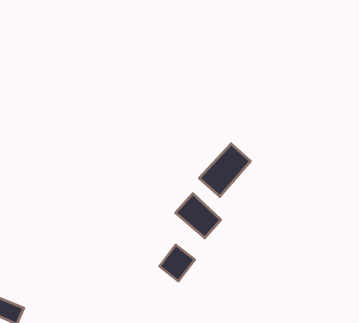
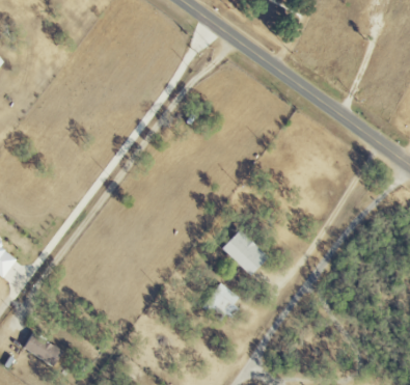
building: [199,144,250,197] -> none

